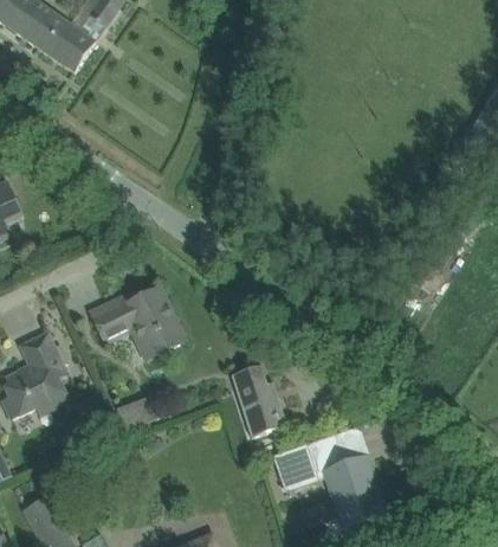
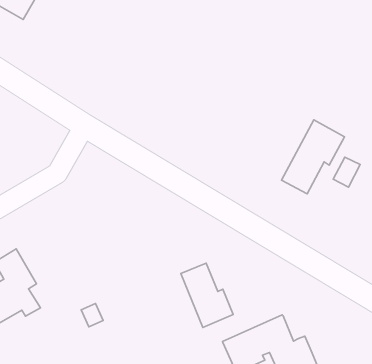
building: none -> [282,120,345,194]
building: [90,287,185,359] -> none

